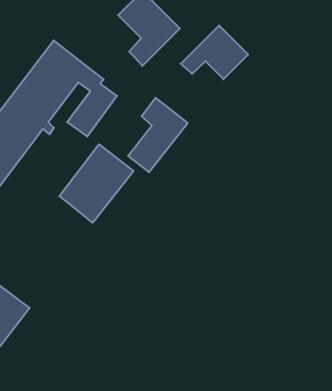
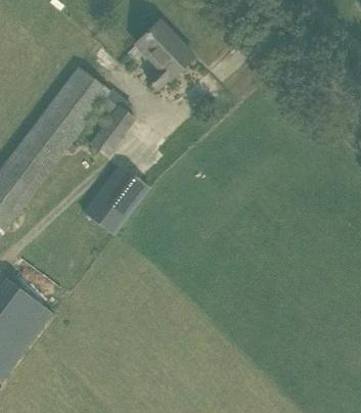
building: [181,25,248,79] -> none
building: [128,98,188,172] -> none

